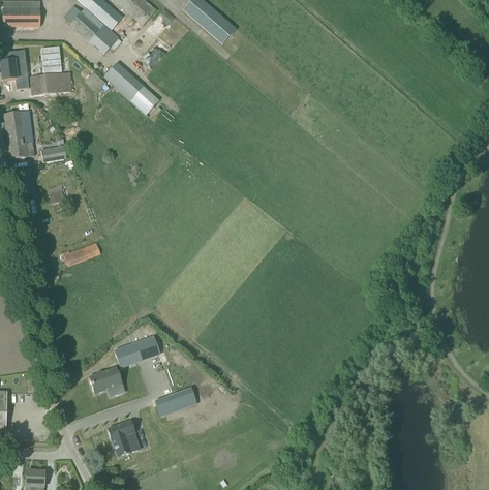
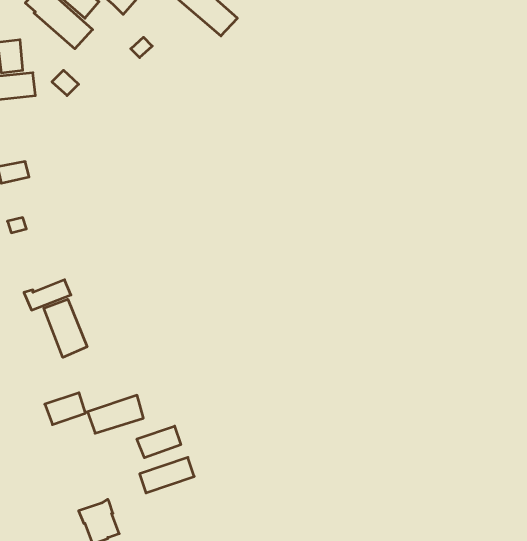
building: [103,60,159,114] -> none
building: none -> [44,299,87,357]
building: none -> [137,426,181,458]
building: [90,366,123,392] -> [45,393,85,425]

